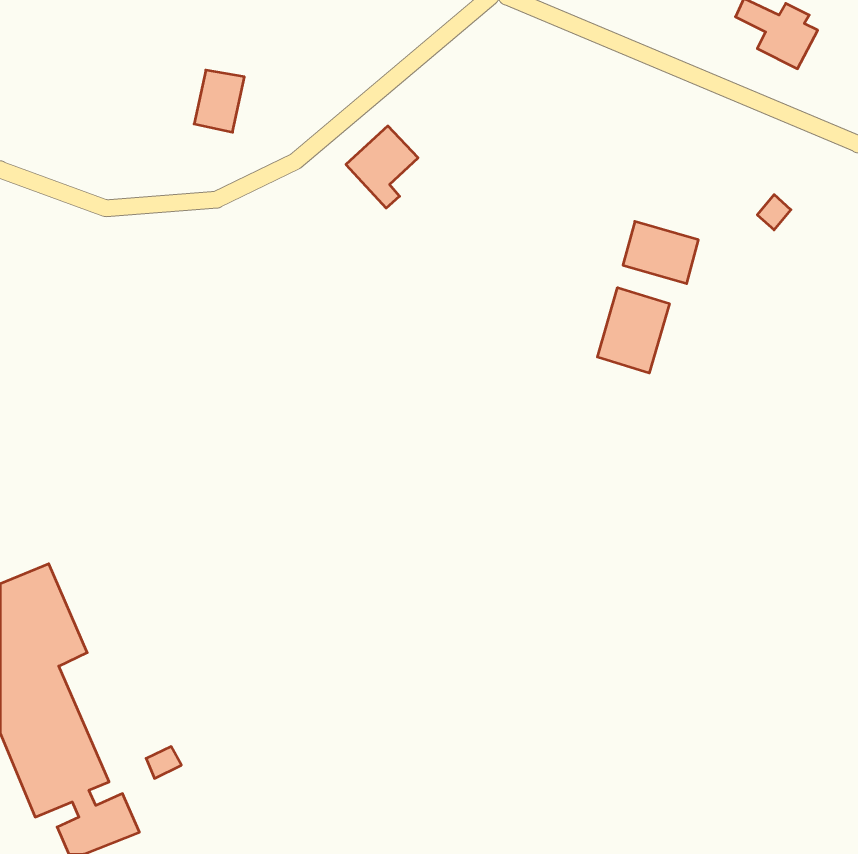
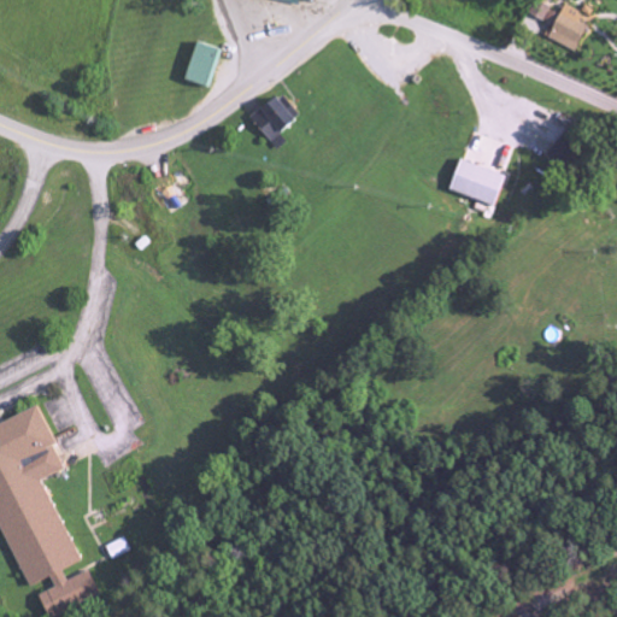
building: [194,70,244,132] -> [183,41,219,86]
building: [597,288,669,373] -> none

